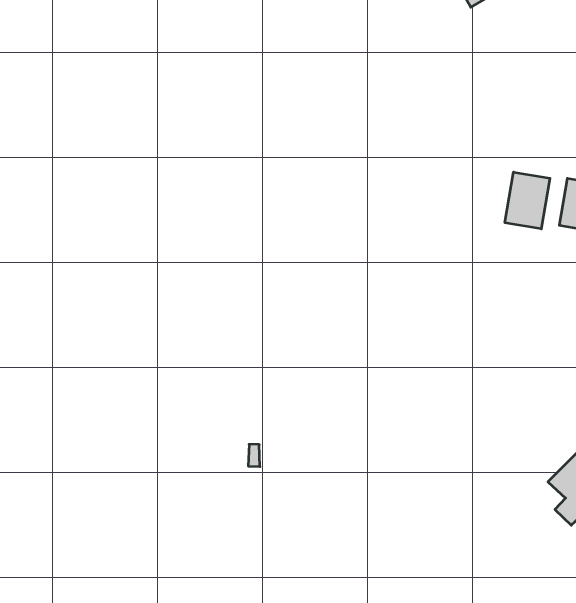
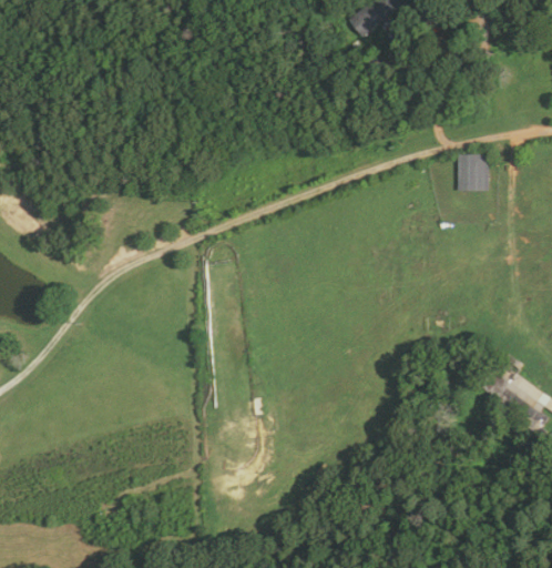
building: [505,172,550,229] -> none

